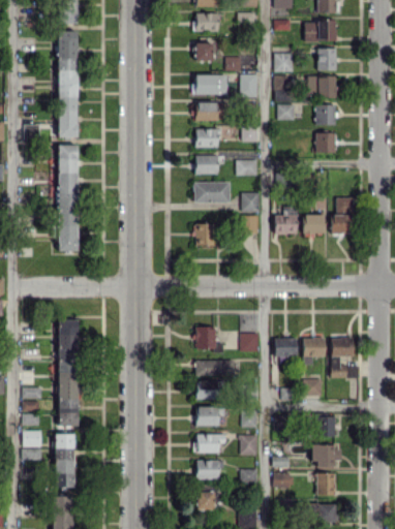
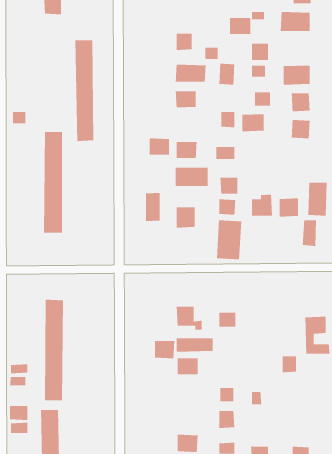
building: [195,12,218,31] -> [229,17,251,35]
building: [57,31,78,137] -> [74,40,94,142]
building: [317,48,337,70] -> none
building: none -> [241,113,265,132]
building: [195,128,217,147] -> [149,138,170,156]
building: none -> [145,192,161,222]
building: none -> [216,219,242,260]
building: none -> [302,219,317,247]
building: [302,337,325,367] -> none
building: [274,338,297,356] -> none
building: [196,406,218,426] -> [154,340,175,359]
building: [314,415,335,437] -> none
building: [193,433,225,452] -> none
building: [312,444,339,466] -> none

